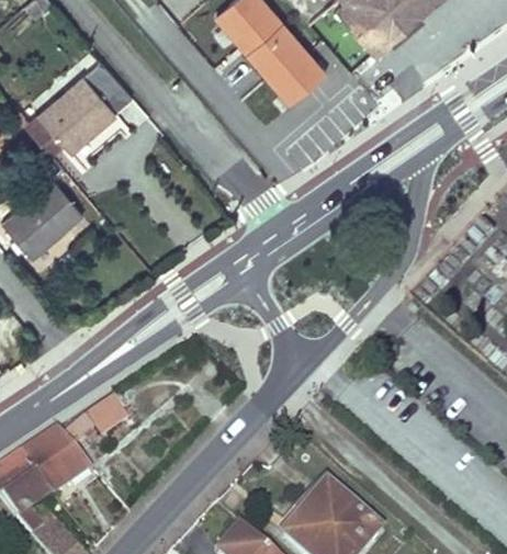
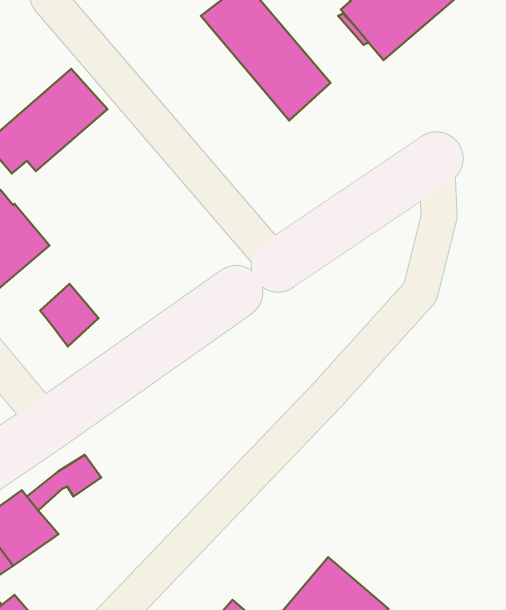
building: none -> [40,284,99,346]

